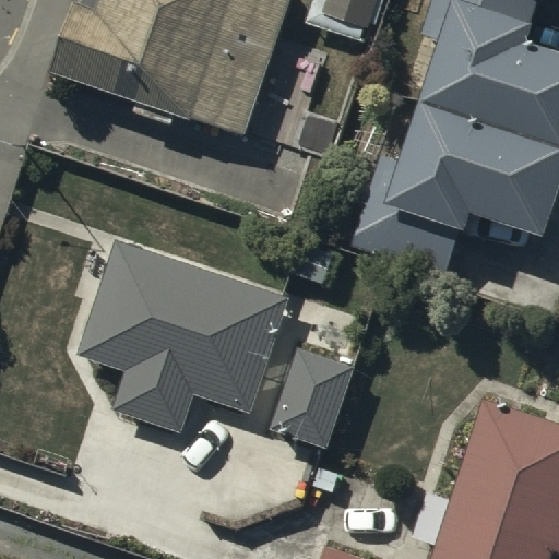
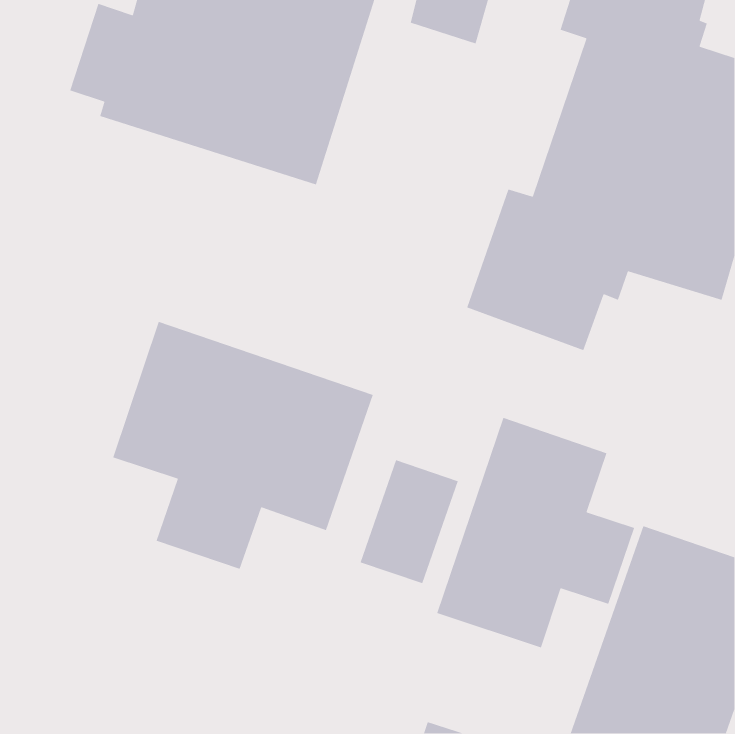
building: none -> [436,417,635,649]

